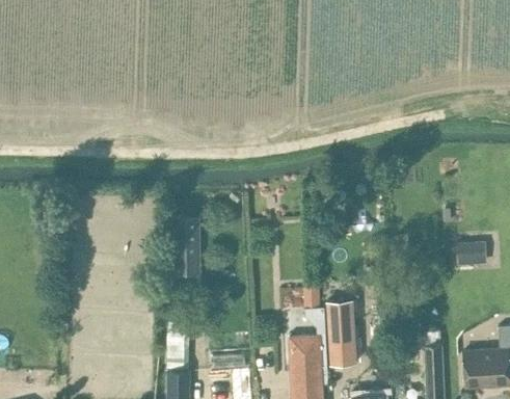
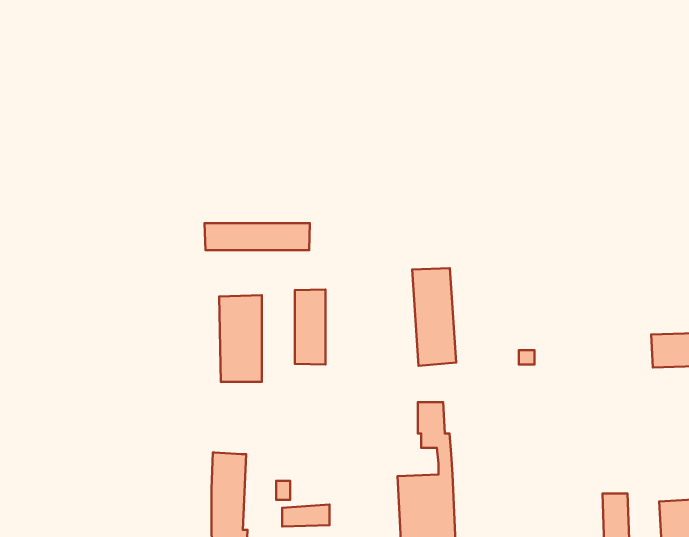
building: none -> [205,223,310,250]
building: none -> [295,289,326,364]
building: [326,301,355,366] -> [412,268,456,366]

